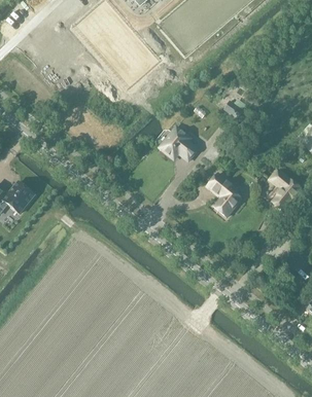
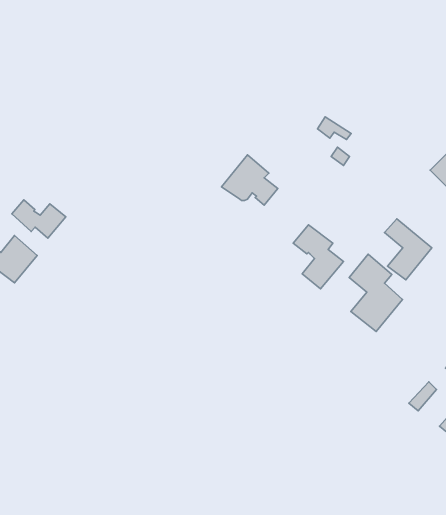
building: none -> [12,200,66,238]
building: none -> [349,254,402,332]

